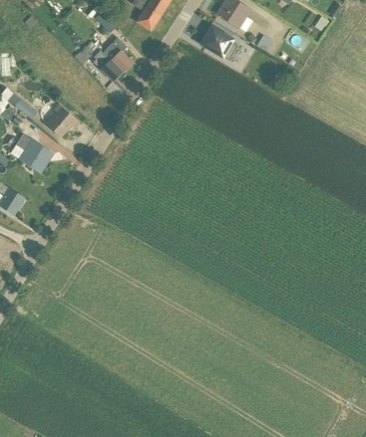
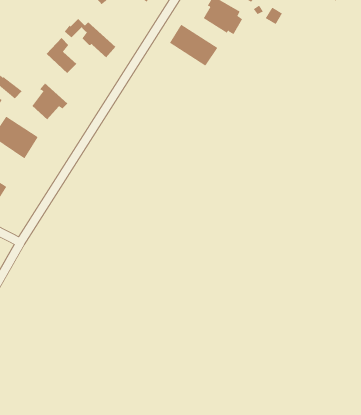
building: [103,37,131,70] -> [46,37,77,74]
building: none -> [169,24,218,66]

